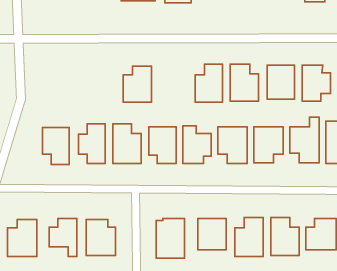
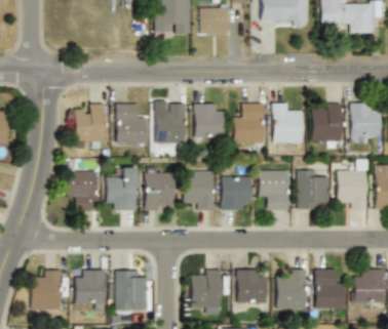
building: none -> [194,102,225,137]
building: none -> [116,104,147,143]
building: none -> [74,105,105,143]

